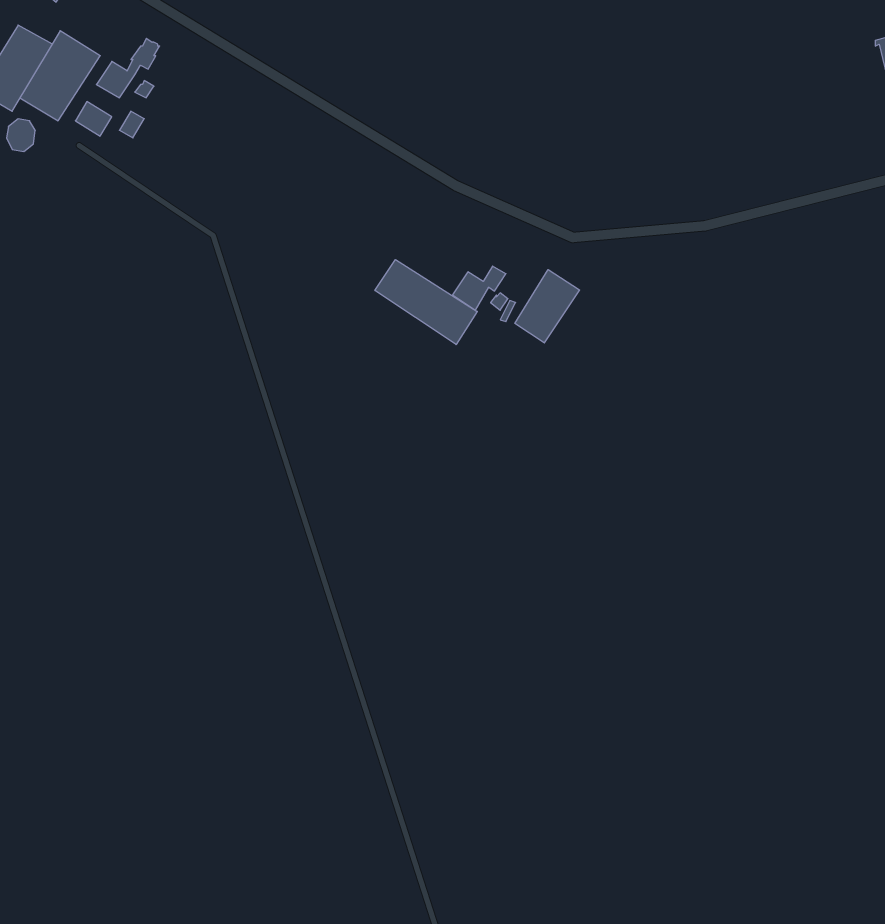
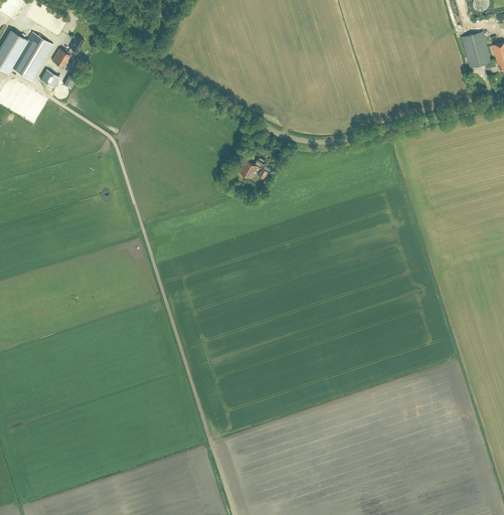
building: [375,260,477,345] -> none
building: [515,270,580,343] -> none

